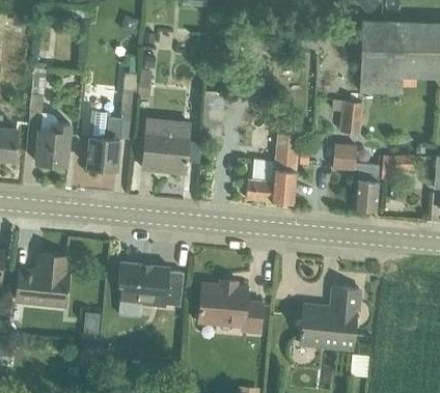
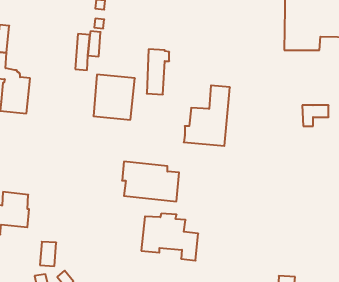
building: [333,101,362,134] -> none
building: [87,112,121,170] -> none
building: [336,145,379,210] -> none
building: [117,263,183,309] -> [122,162,179,201]
building: [296,287,358,348] -> none

